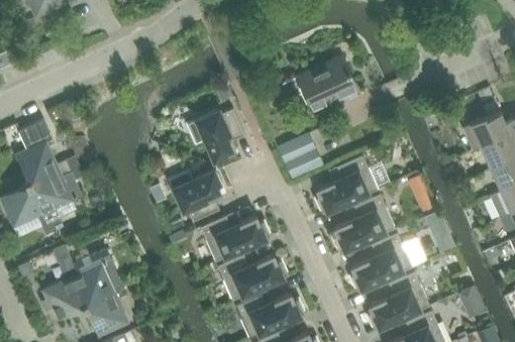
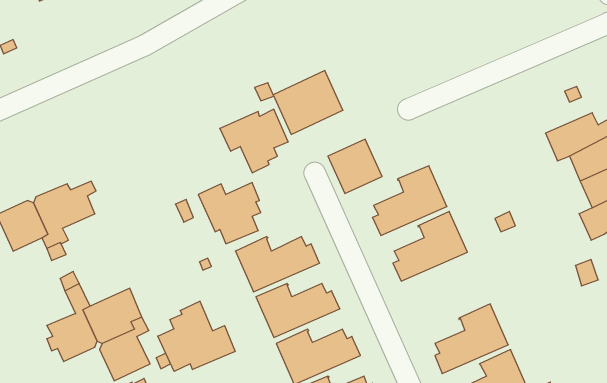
building: [298,56,356,110] -> [273,71,343,134]
building: [15,119,79,182] -> none
building: [349,232,412,292] -> none
building: none -> [158,301,235,371]

